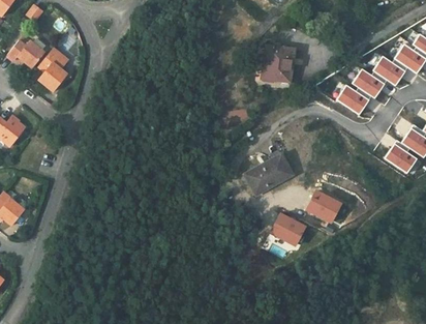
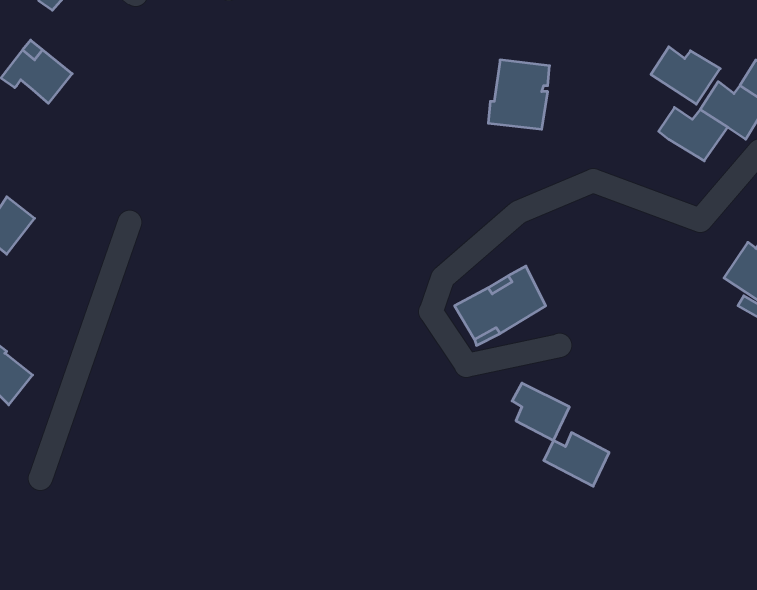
building: [38,48,68,91] -> none
building: [335,85,371,115] -> [651,47,720,104]
building: [304,195,338,223] -> [544,433,609,486]

